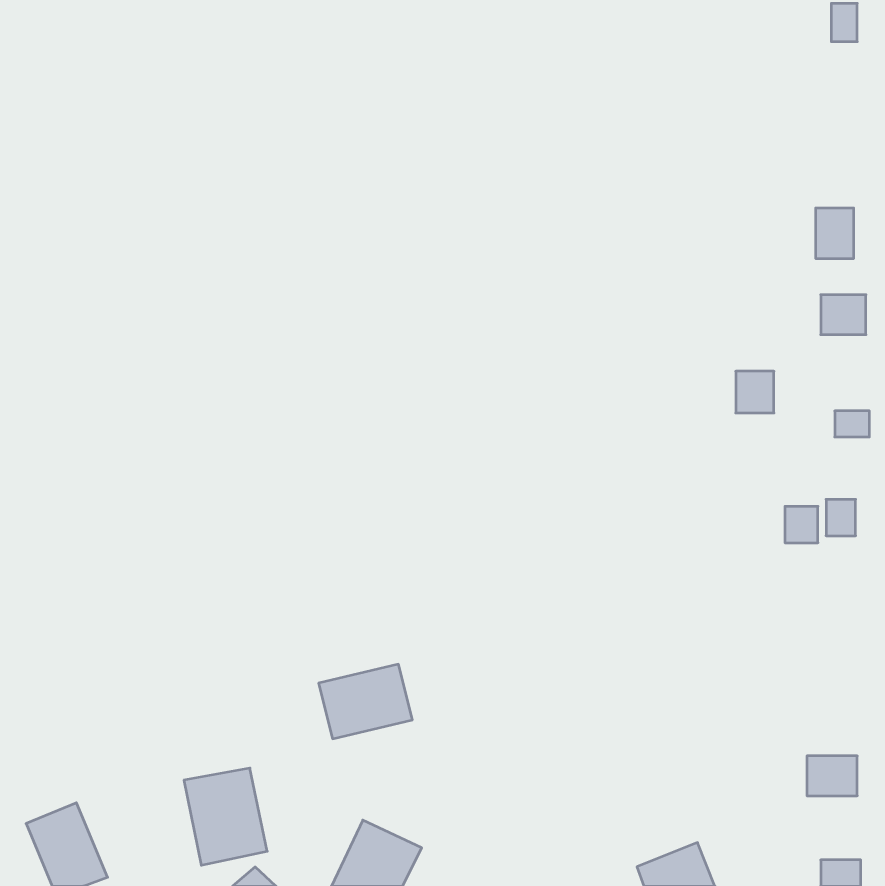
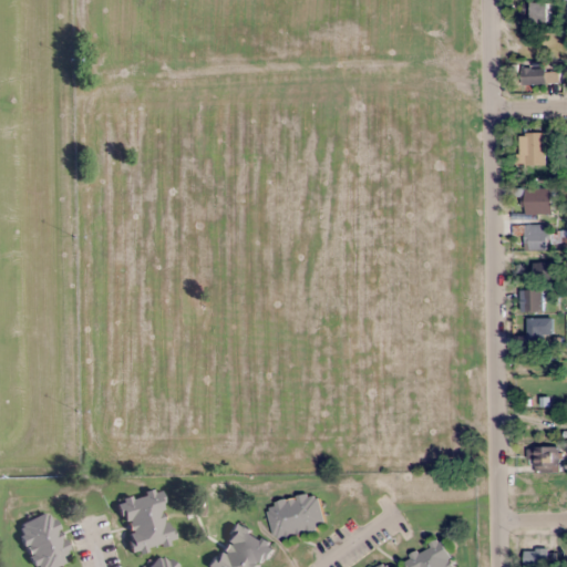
building: none -> [520,68,558,84]
building: [736,371,774,413] -> [524,224,548,250]
building: [785,506,818,543] -> [524,290,545,313]
building: [319,664,412,739] -> [265,492,324,539]
building: [807,756,857,796] -> [527,446,559,472]

